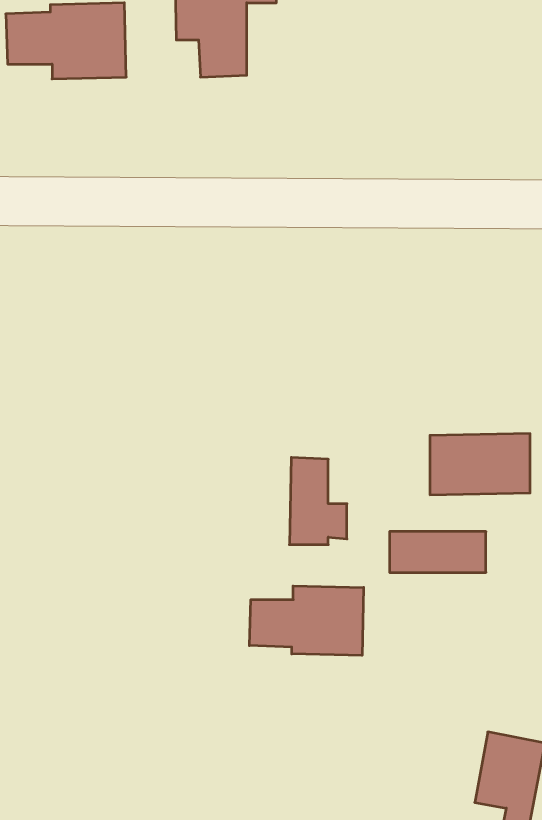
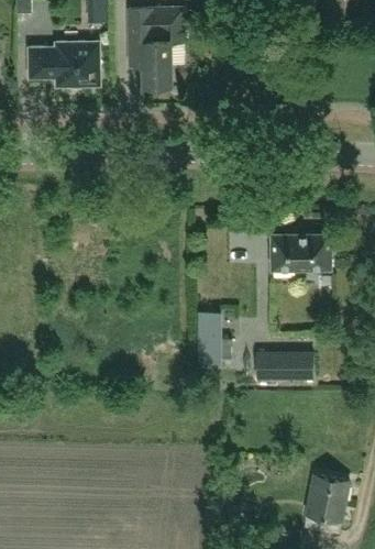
building: [430,434,530,495] -> [271,233,330,270]
building: [249,586,364,655] -> none

